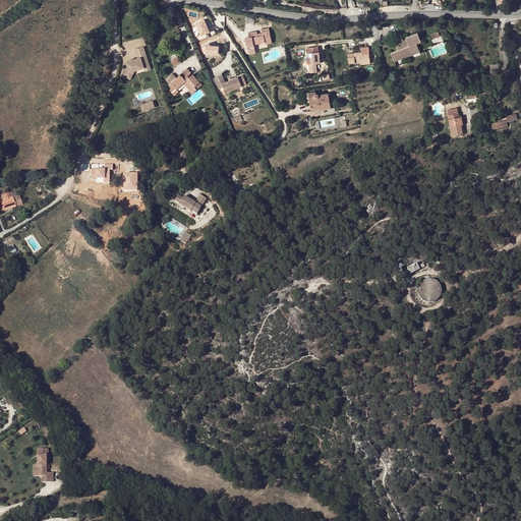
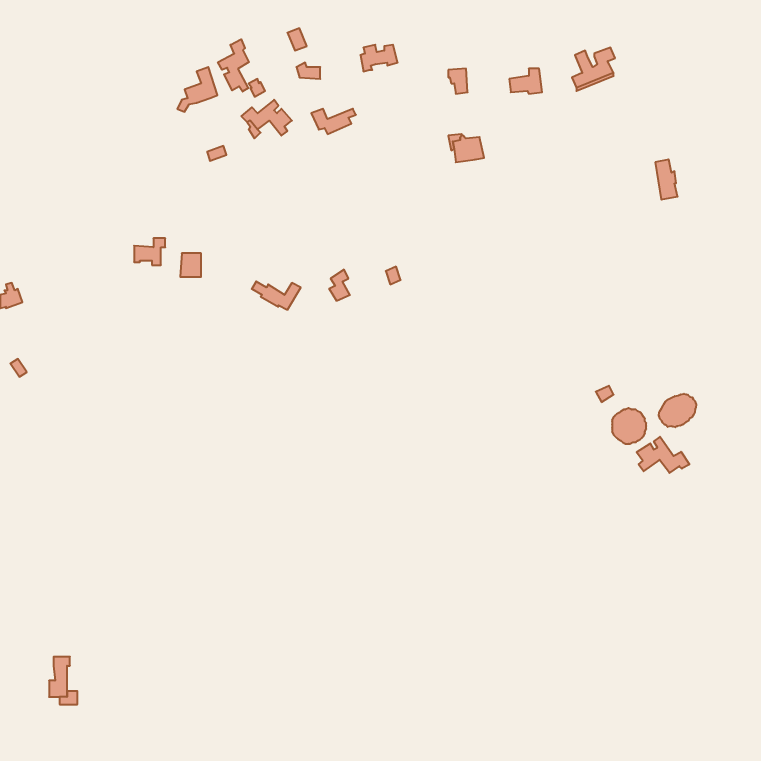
building: none -> [218,39,249,92]
building: none -> [659,394,696,427]
building: none -> [637,437,689,473]

